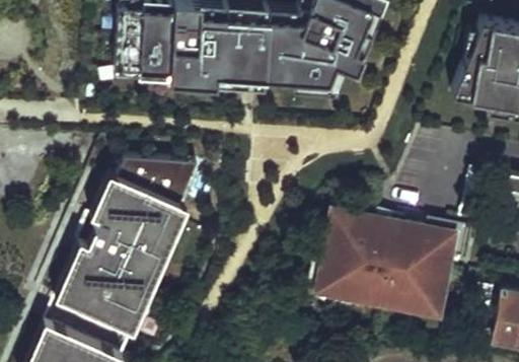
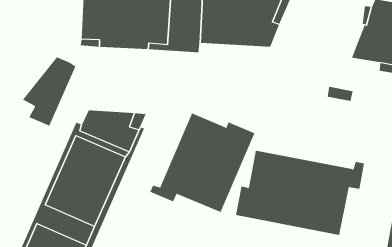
building: none -> [22,57,76,126]
building: none -> [149,113,255,213]

